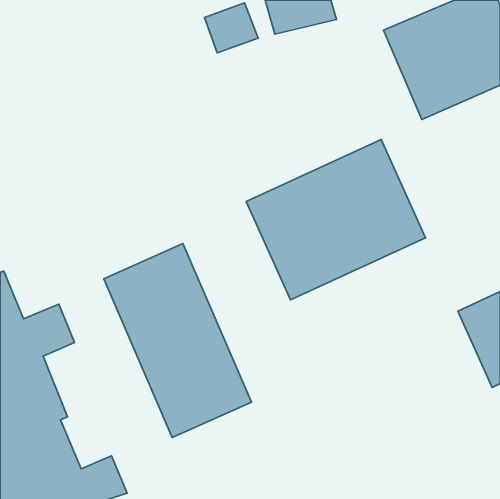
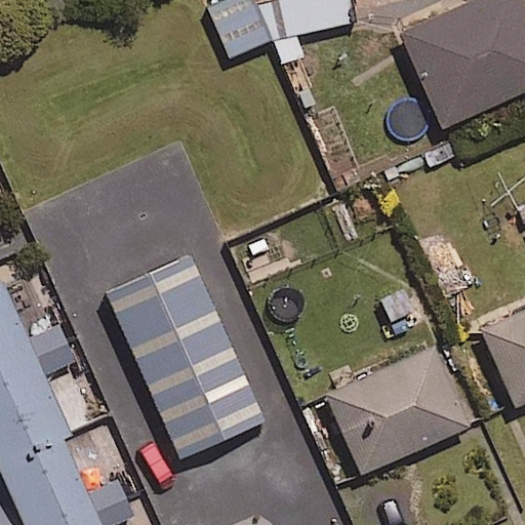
building: [246,139,426,300] -> none
building: none -> [327,345,474,474]

